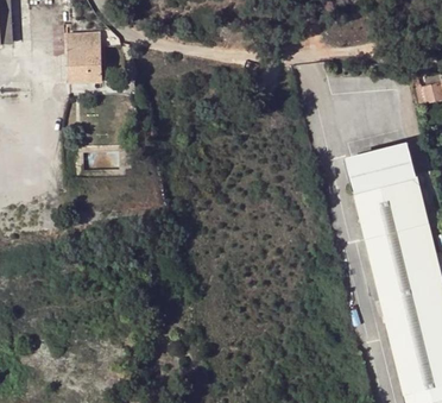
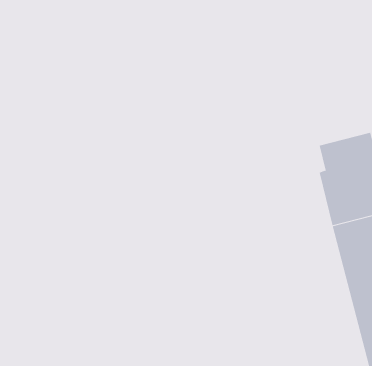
building: [68,37,102,81] -> none

